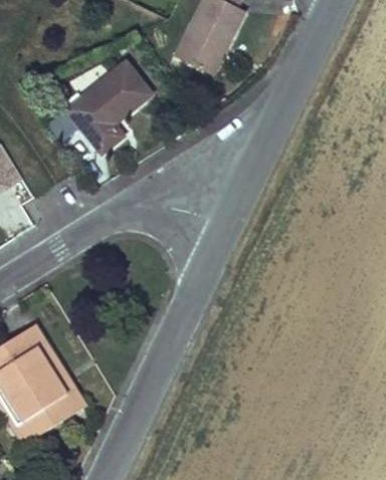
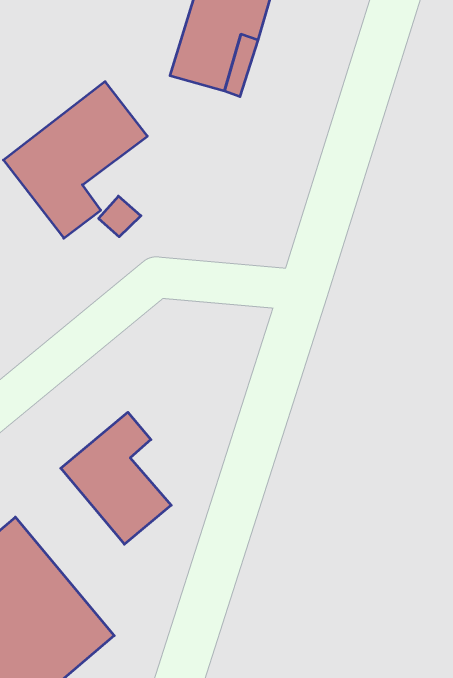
building: none -> [61,412,171,544]

